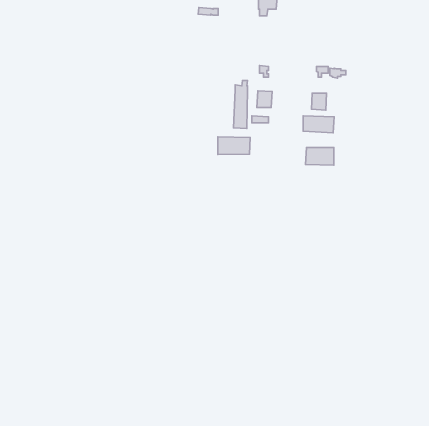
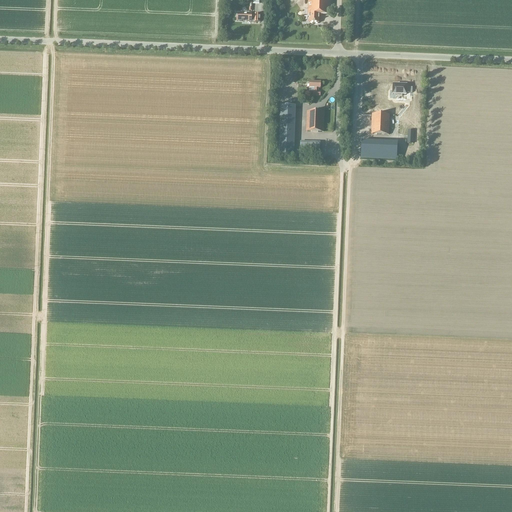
building: [218,137,250,155] -> none
building: [306,147,334,165] -> none

